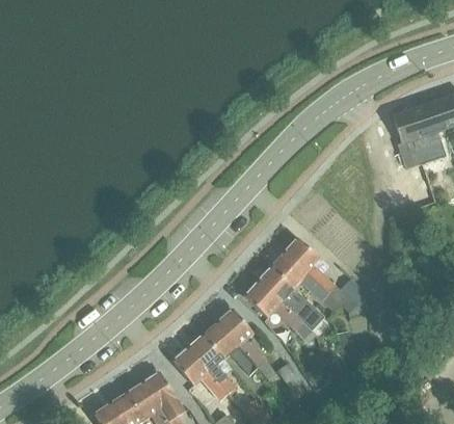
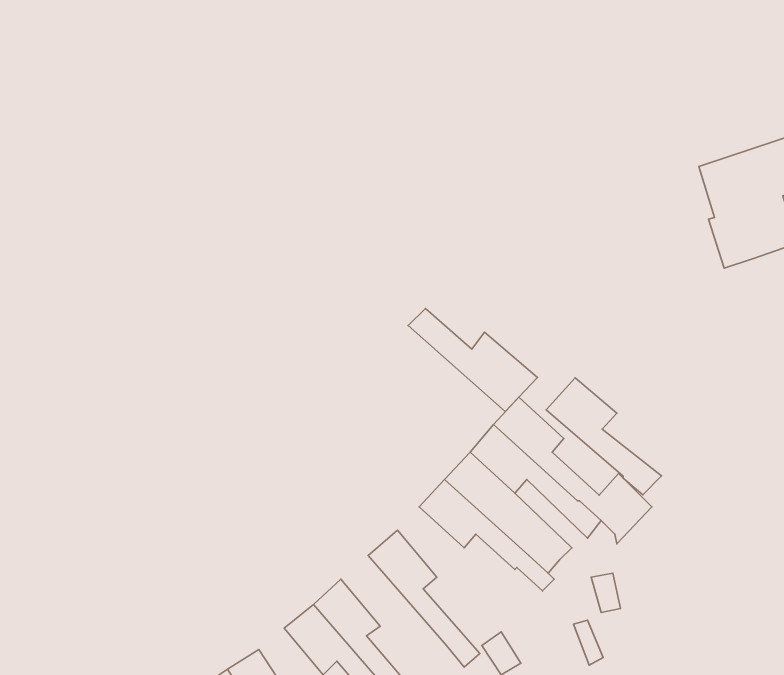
building: none -> [408,308,538,412]
building: none -> [546,378,662,495]
building: [203,321,259,375] -> none

